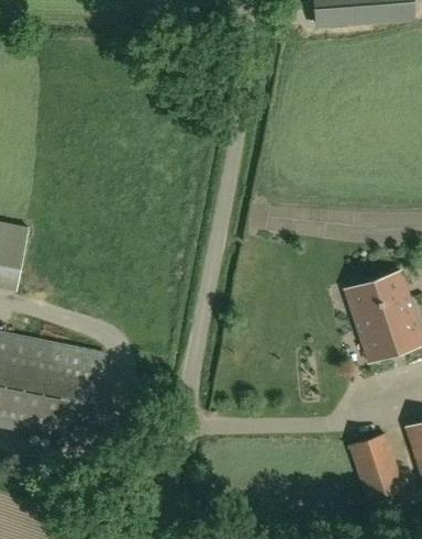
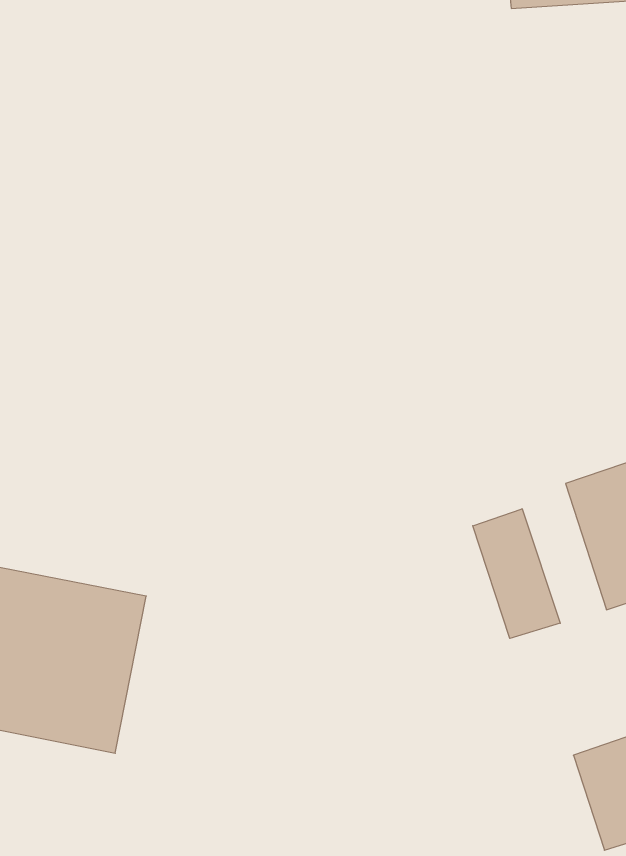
building: none -> [473,509,560,638]

